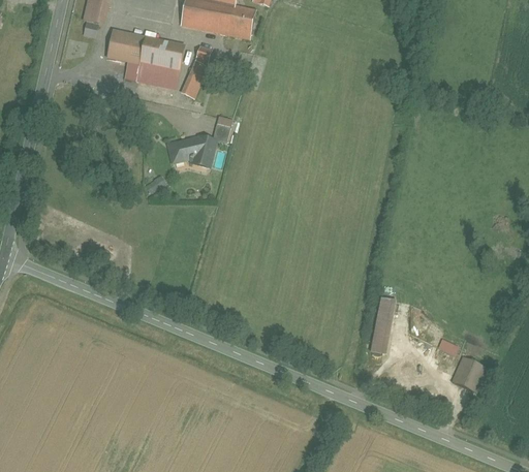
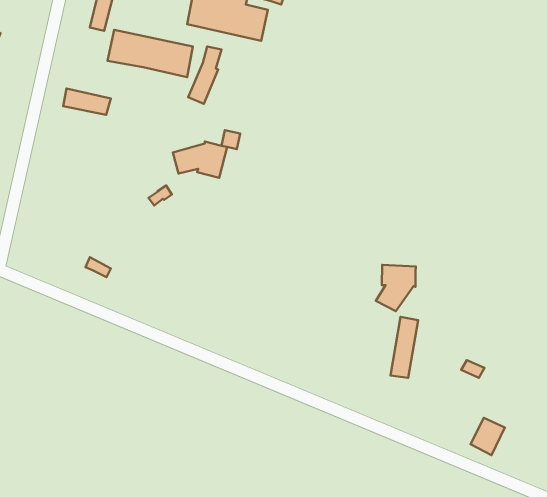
building: [135,64,180,89] -> [63,88,111,115]
building: none -> [376,265,416,311]
building: [449,355,481,390] -> [470,418,505,455]

